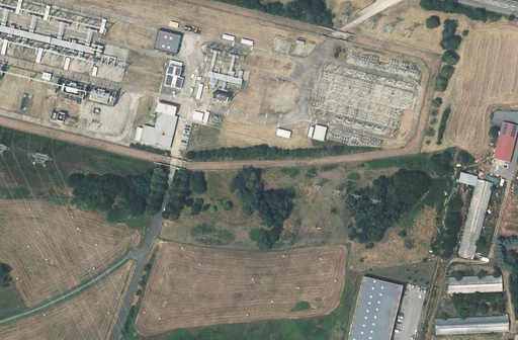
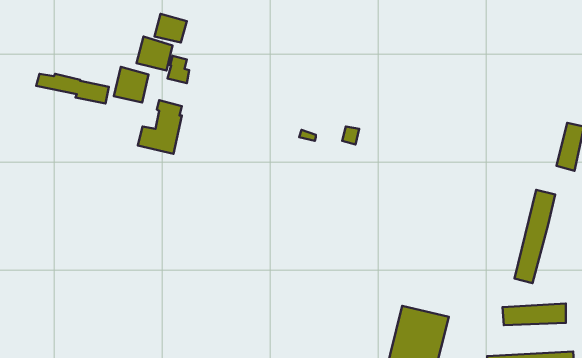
building: none -> [137,37,173,71]
building: none -> [114,67,148,103]

